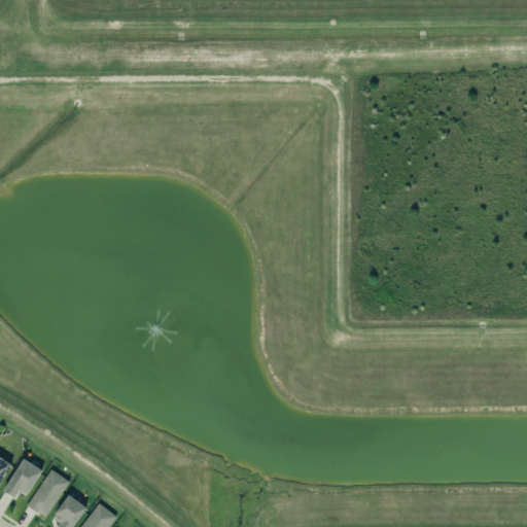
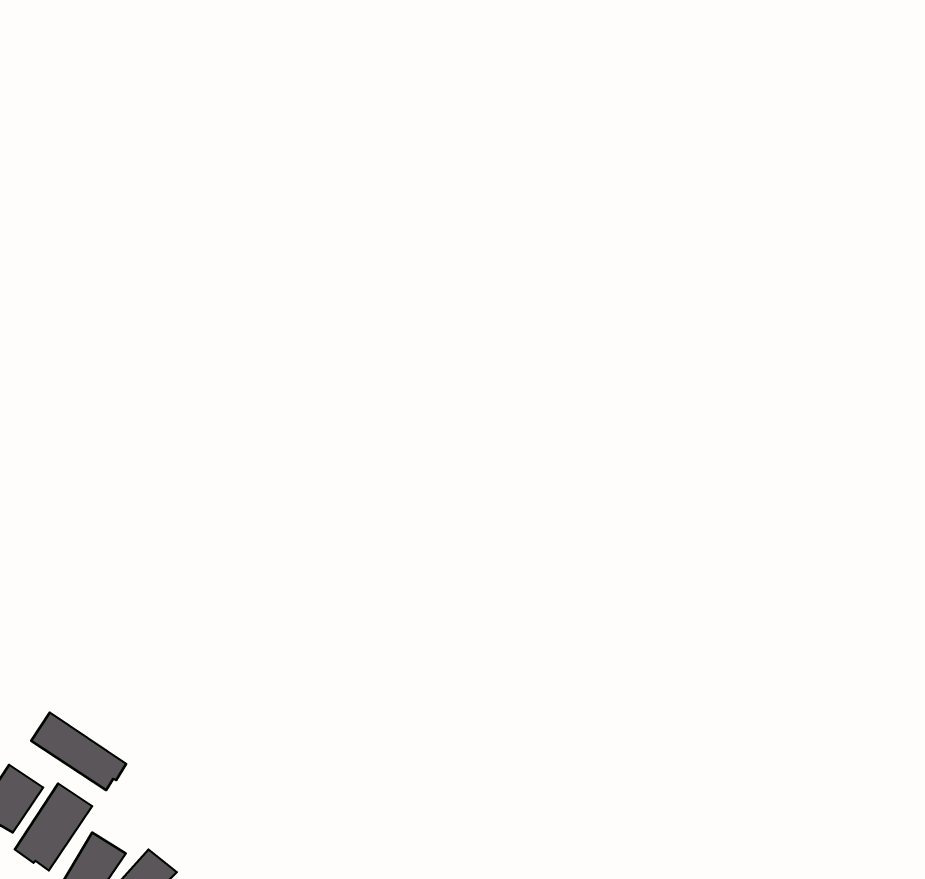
building: none -> [31,712,126,790]

